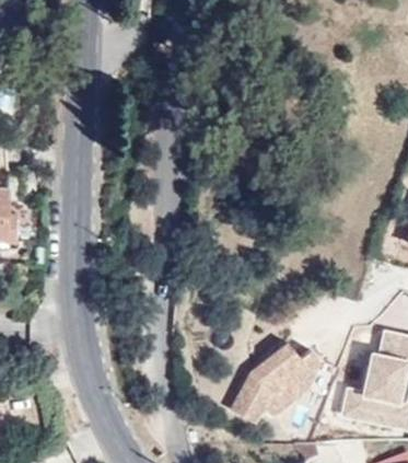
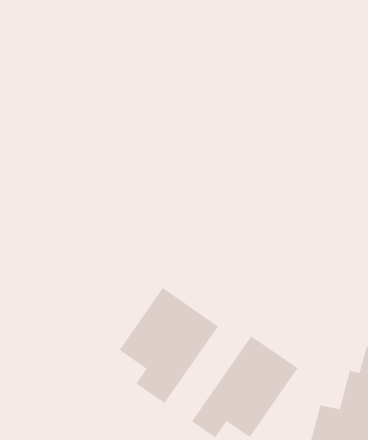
building: none -> [119,287,219,404]

